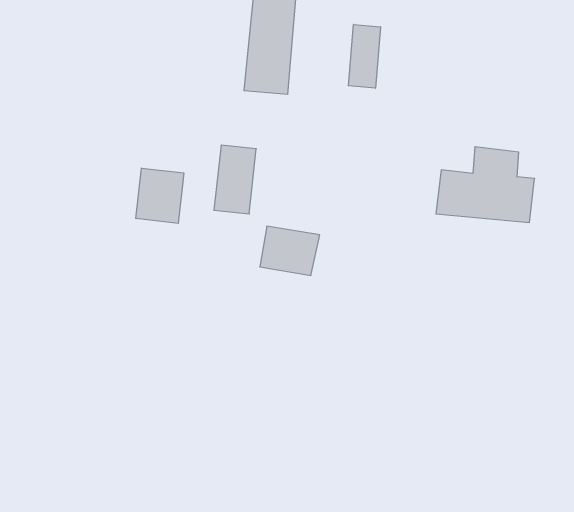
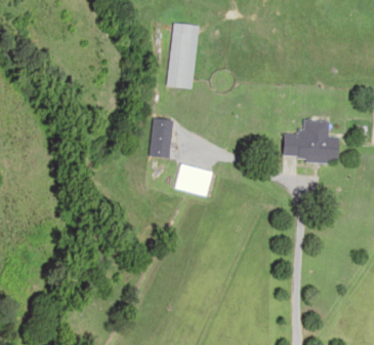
building: [348,24,380,88] -> none
building: [136,168,184,223] -> none

